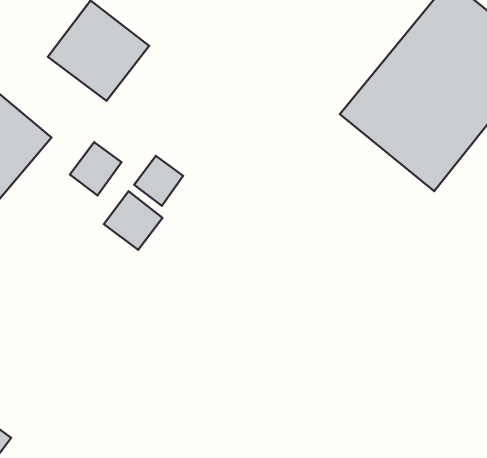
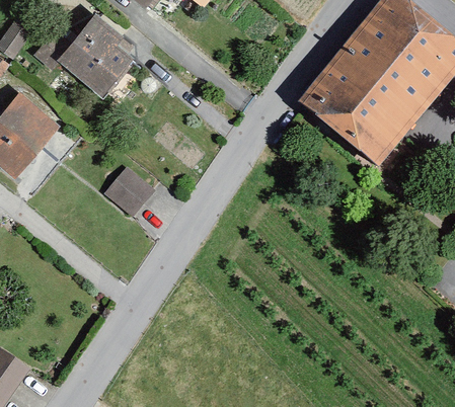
building: [70,142,122,196] -> none
building: [134,156,183,206] -> none

